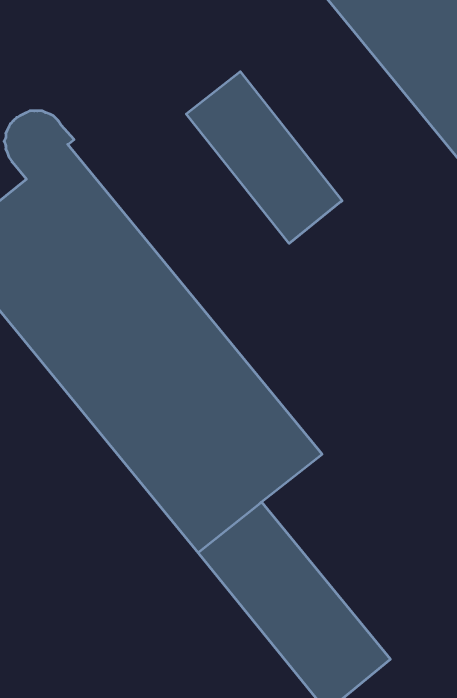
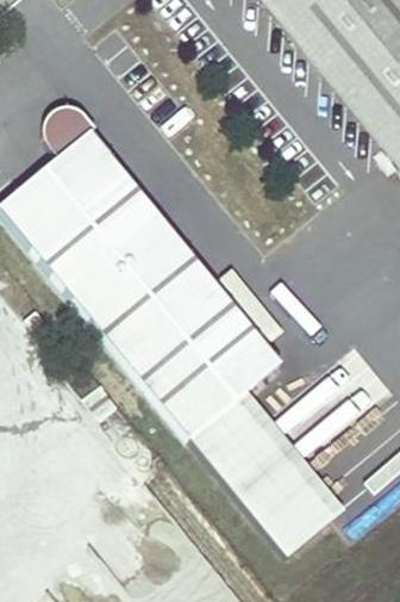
building: [186,72,342,243] -> none

